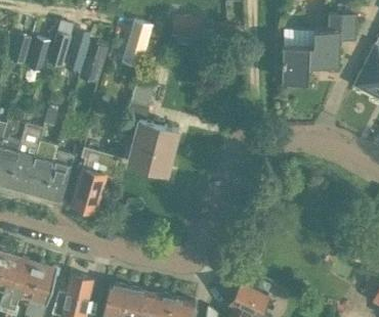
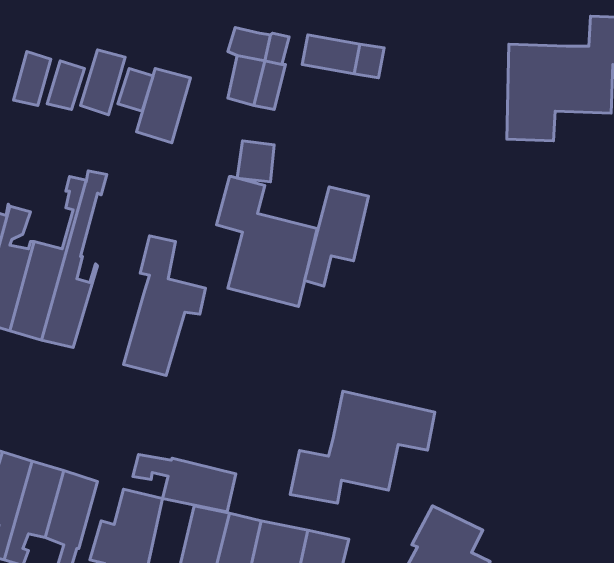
building: none -> [305,187,368,286]
building: [43,151,74,201] -> none
building: none -> [290,391,435,503]
building: none -> [133,454,236,512]

